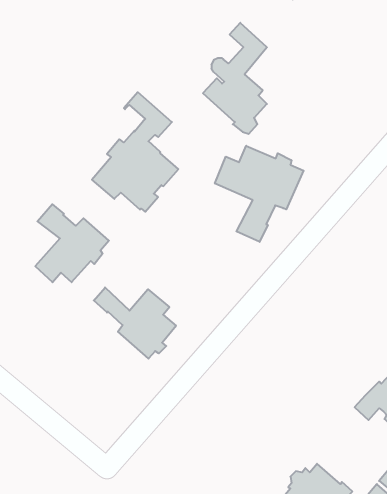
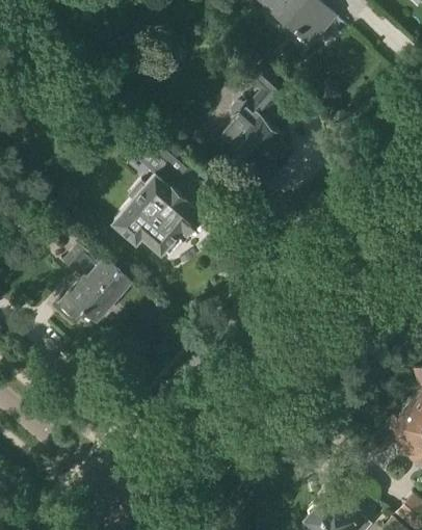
building: [215,146,304,242] -> none
building: [94,287,176,359] -> none

